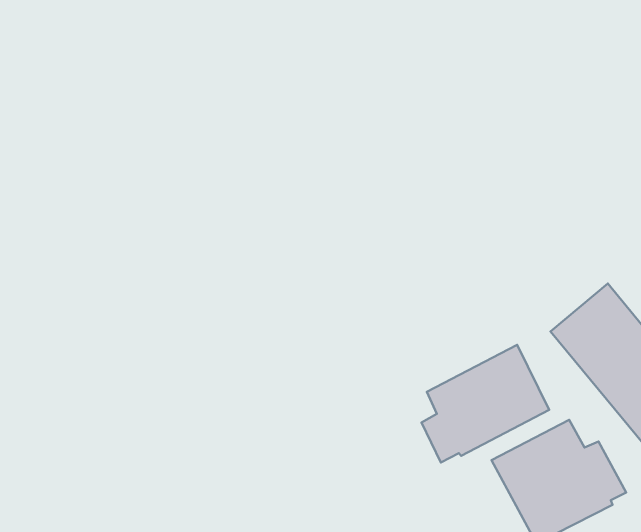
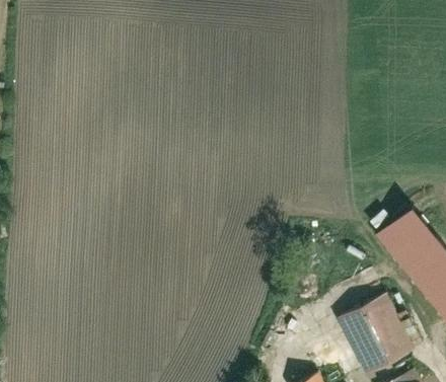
building: [422,345,549,463] -> none

